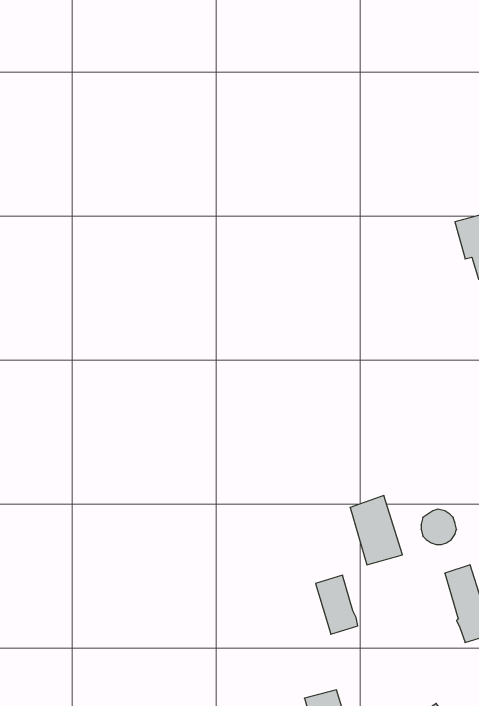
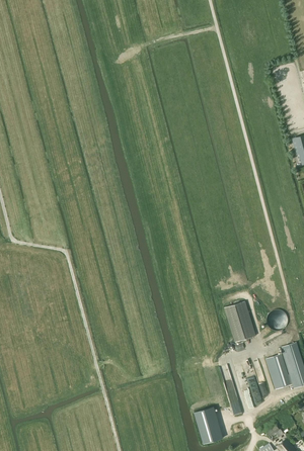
building: [316,575,358,634] -> [267,353,292,388]

